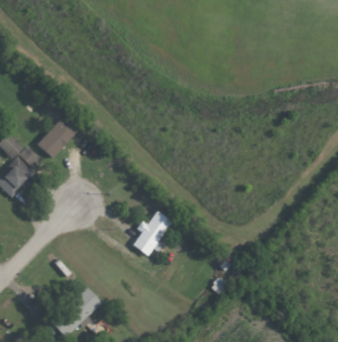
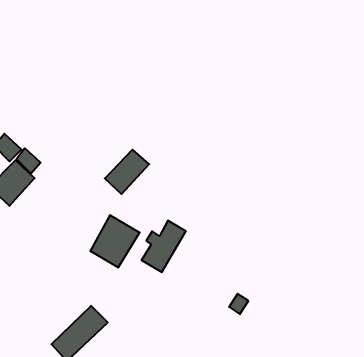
building: [36,116,76,156] -> [105,150,149,194]
building: none -> [90,215,140,268]

